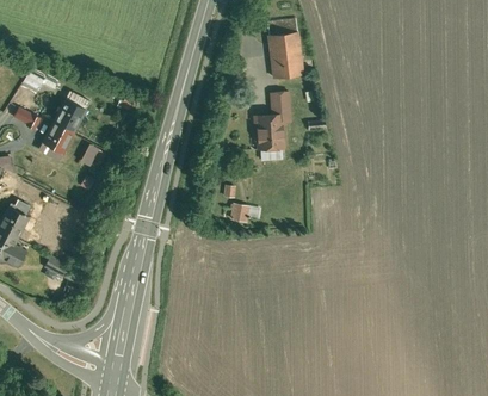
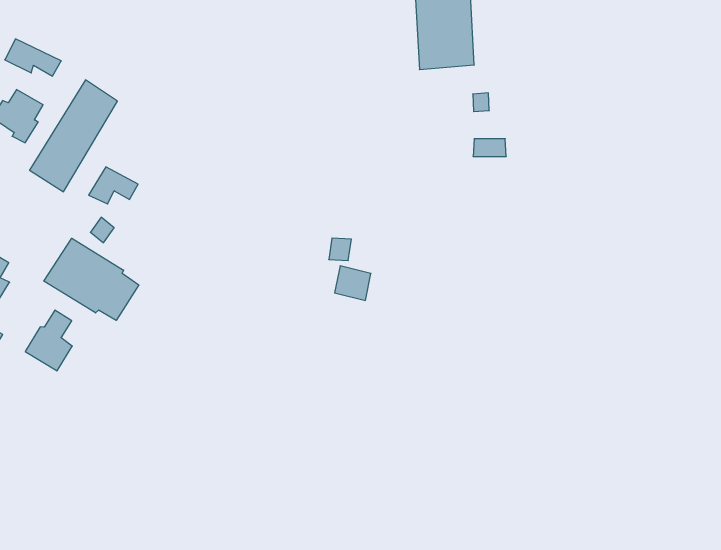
building: [253,89,294,160] -> none
building: none -> [44,238,139,320]

